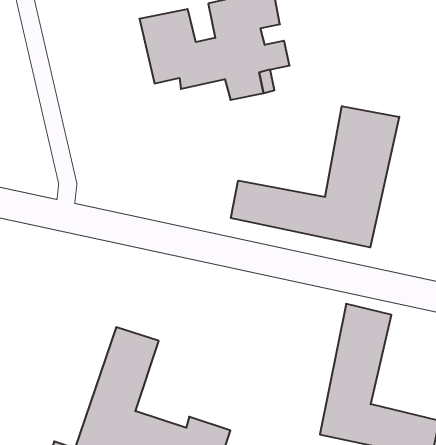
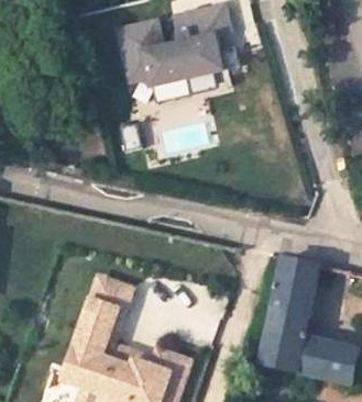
building: [231,106,399,247] -> none

